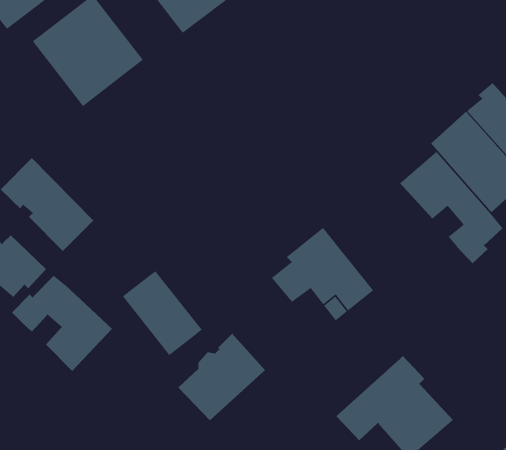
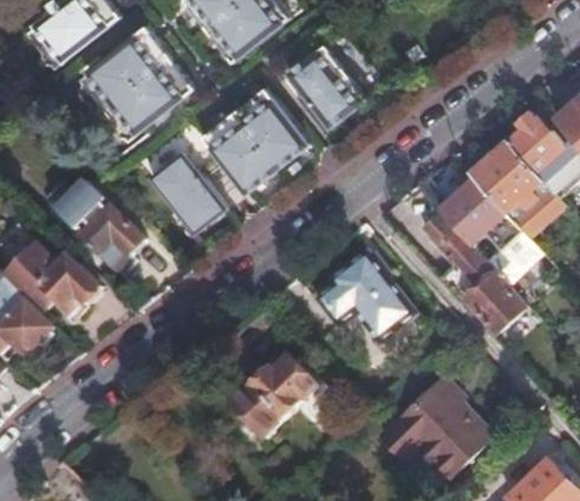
building: none -> [288,45,367,134]
building: none -> [202,88,309,195]
building: none -> [419,207,527,330]
building: [122,270,203,356] -> [151,152,228,234]
building: [11,275,113,372] -> none

